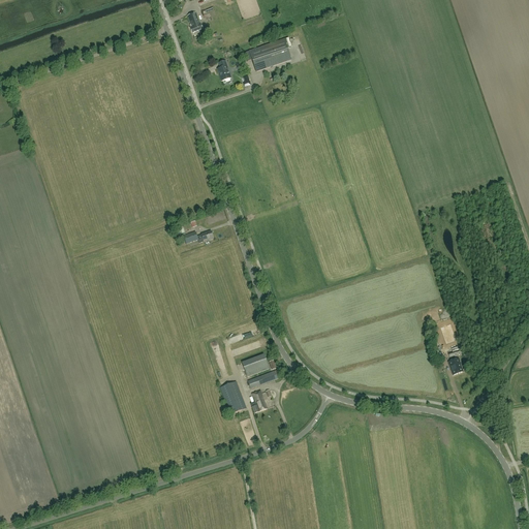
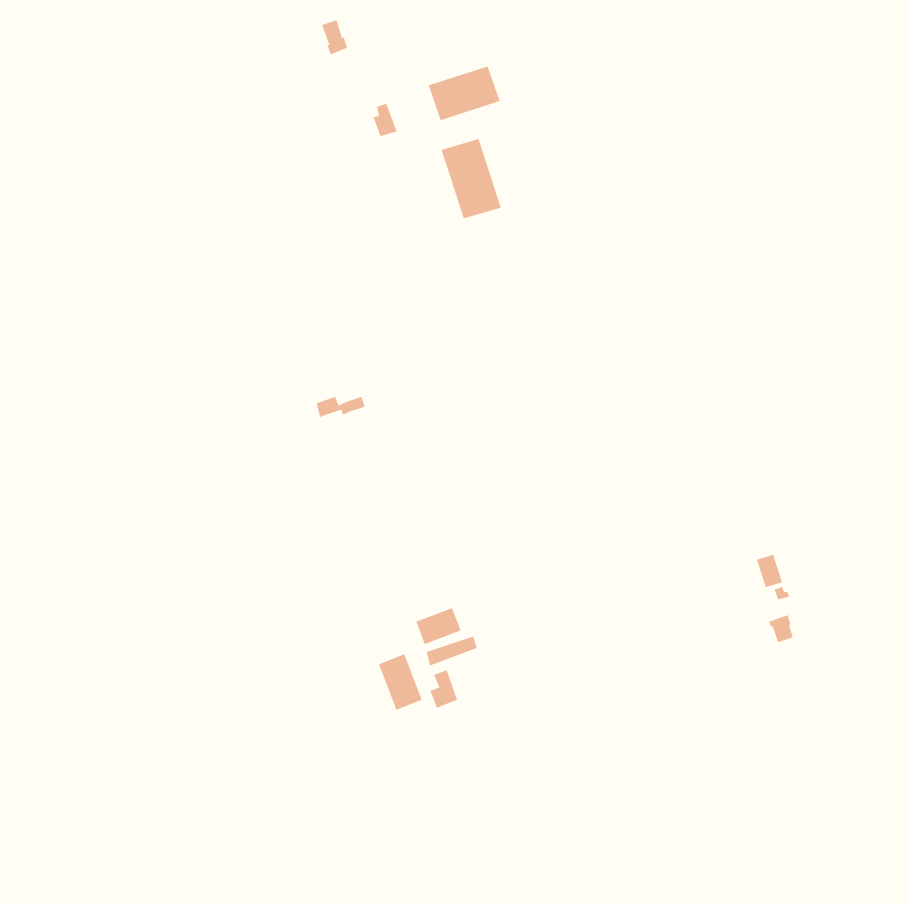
building: none -> [441,138,501,219]

